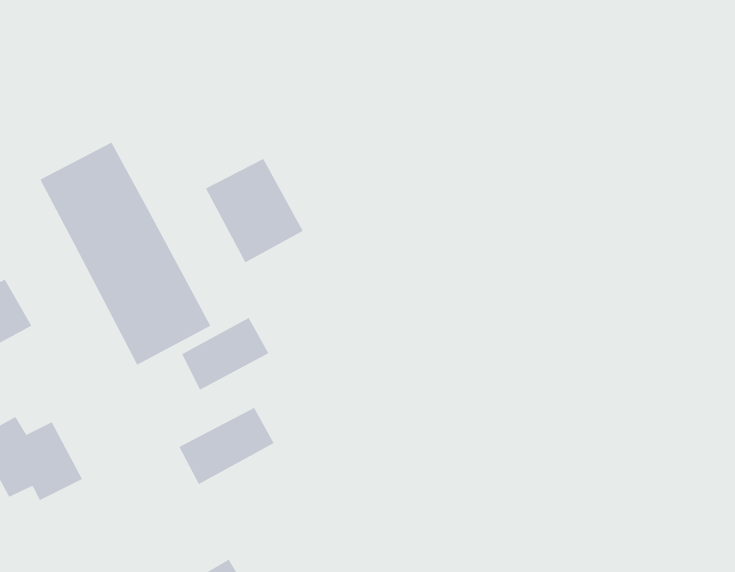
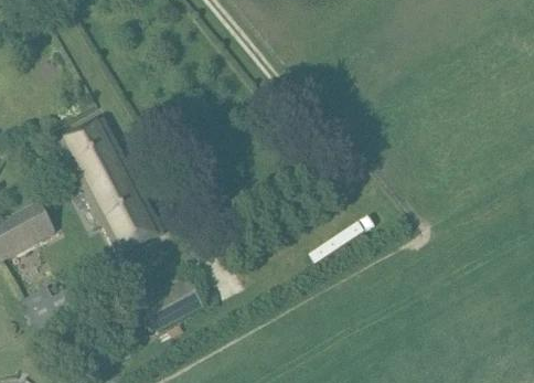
building: [205,158,304,263] -> none
building: [182,317,269,391] -> none

